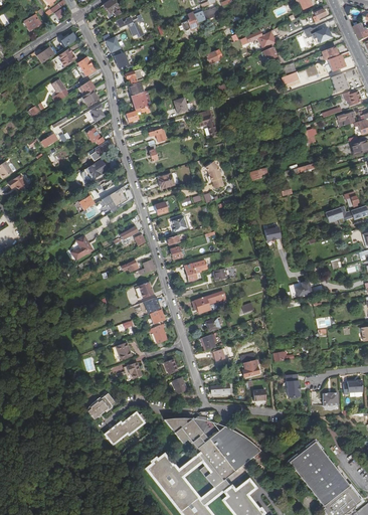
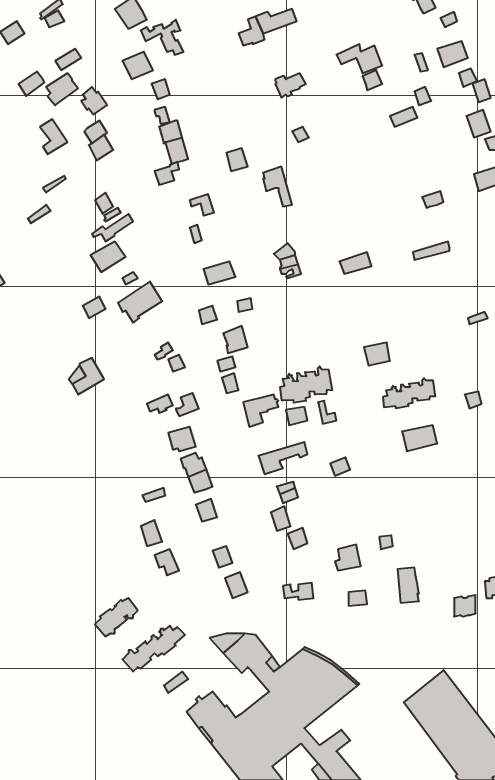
building: none -> [280,366,332,403]
building: none -> [383,378,435,408]

